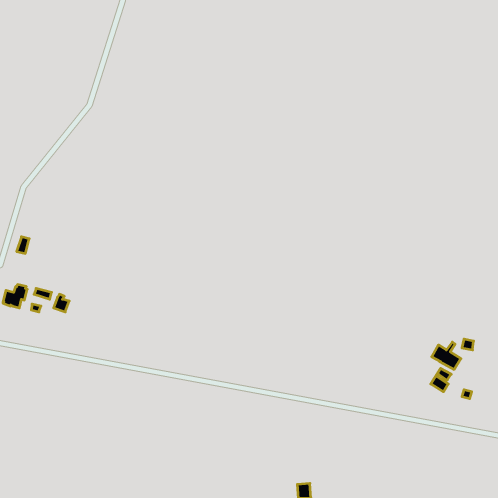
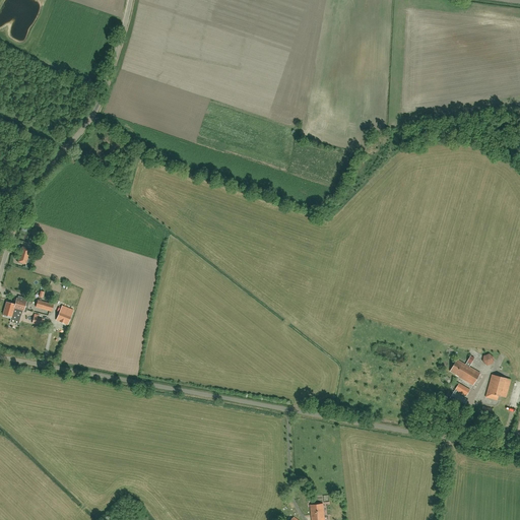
building: none -> [485,375,511,400]

